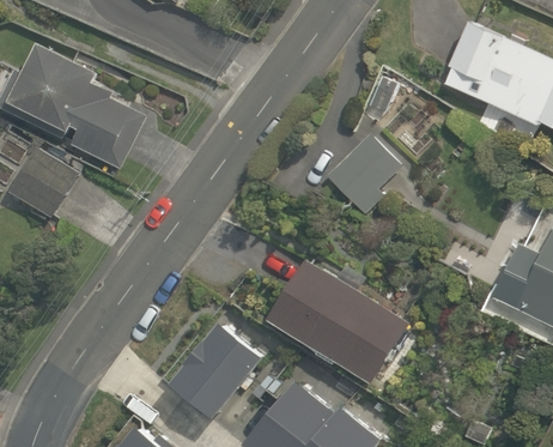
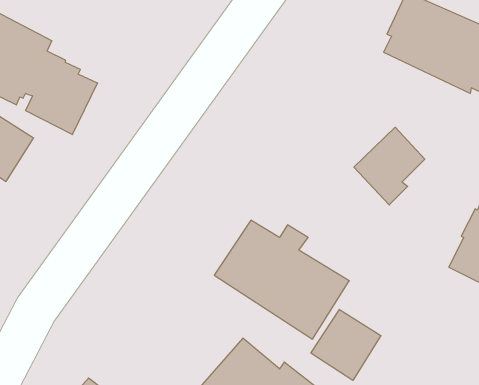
building: [324,133,399,215] -> [354,127,425,205]
building: [169,321,261,417] -> none
building: none -> [311,309,381,380]

